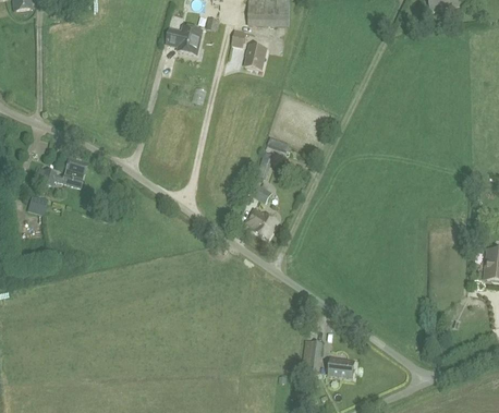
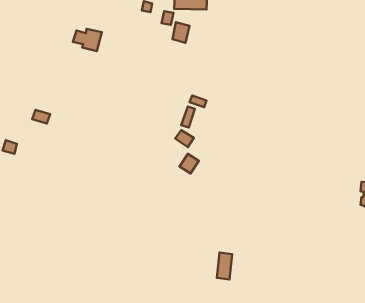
building: [165,25,202,53] -> [73,29,102,51]
building: [327,356,353,377] -> none

